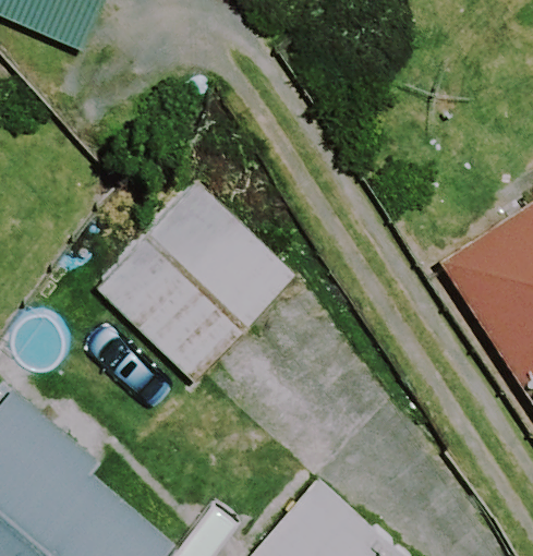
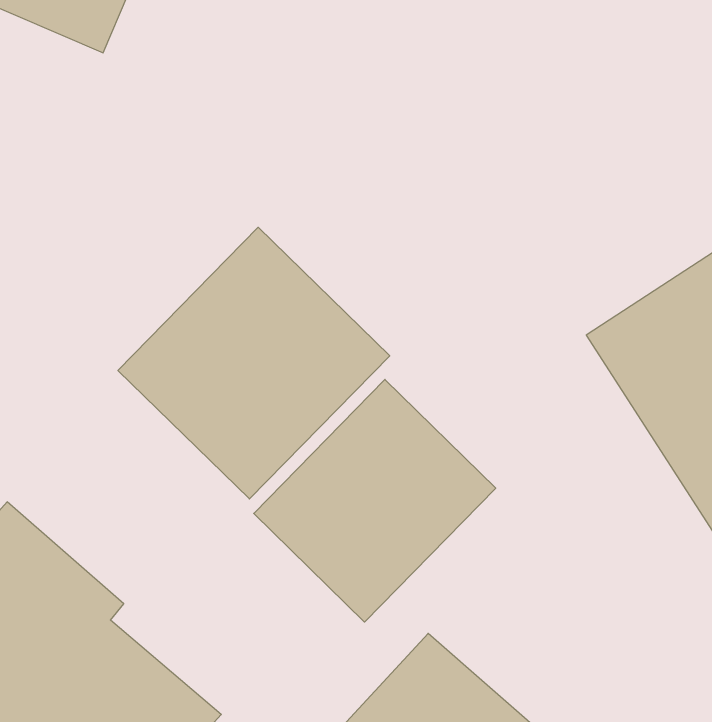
building: none -> [254,379,496,622]

